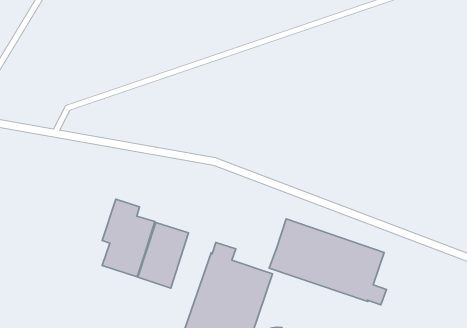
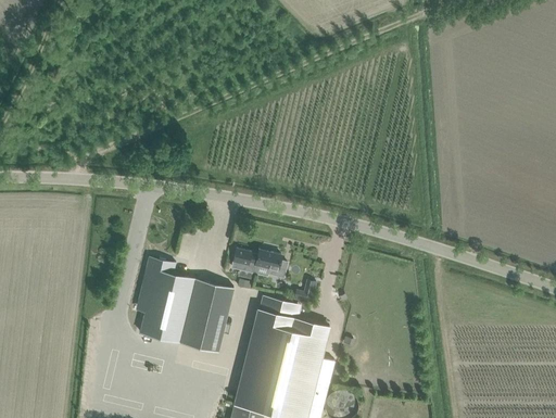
building: none -> [231,250,287,279]
building: [269,219,387,305] -> none

